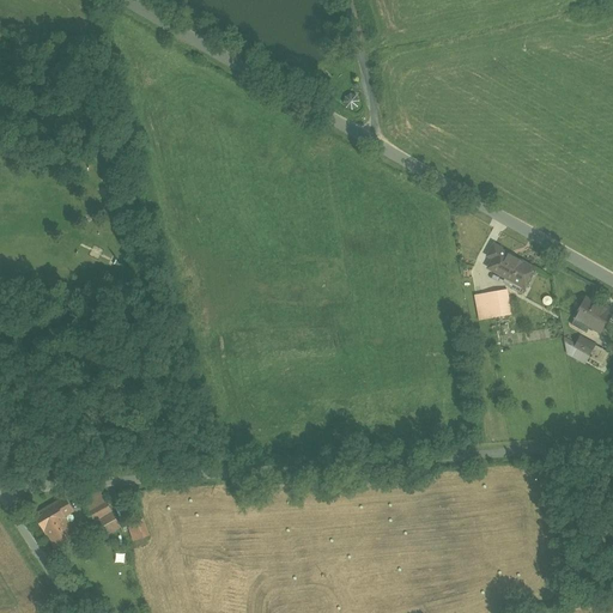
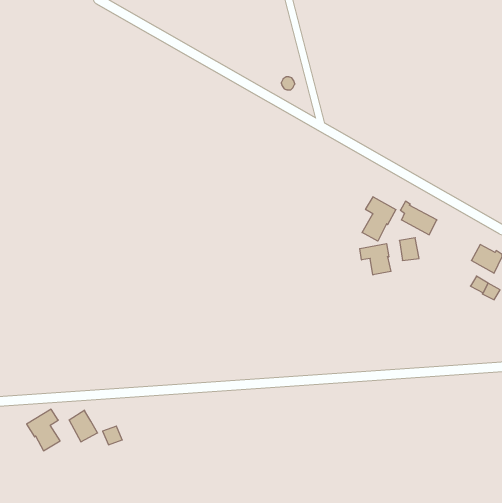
building: none -> [362,197,396,241]
building: none -> [360,244,391,275]

